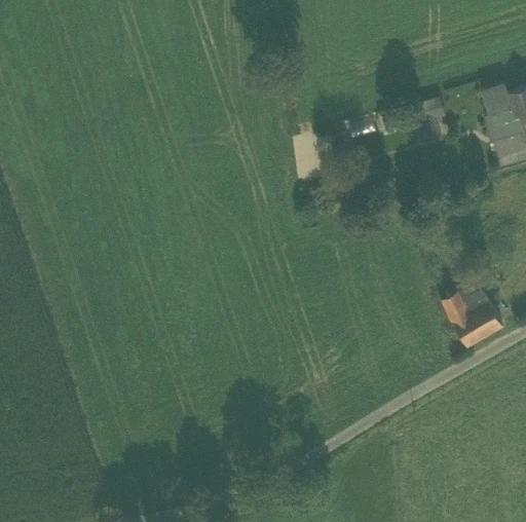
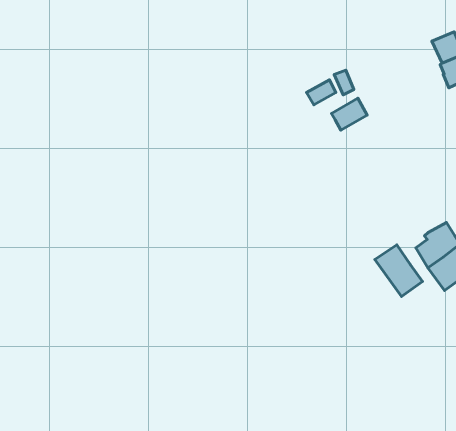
building: none -> [332,98,367,130]
building: none -> [375,245,423,297]

